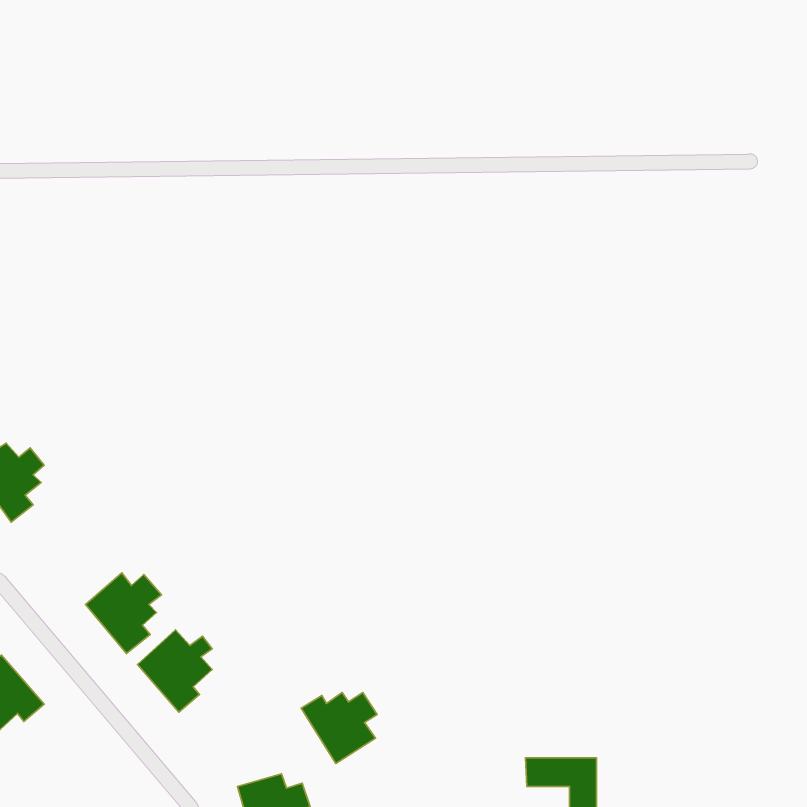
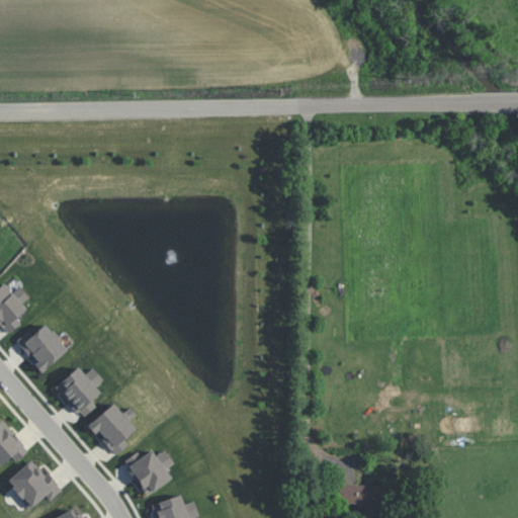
building: none -> [15,325,68,374]
building: [301,692,377,764] -> [124,450,173,496]
building: none -> [6,460,62,509]

